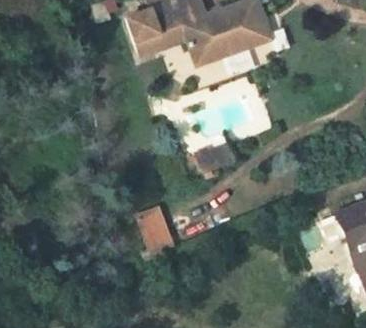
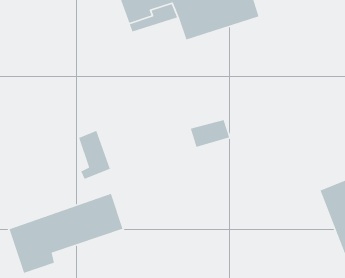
building: [144,207,177,258] -> [78,130,111,180]
building: none -> [9,193,123,274]

